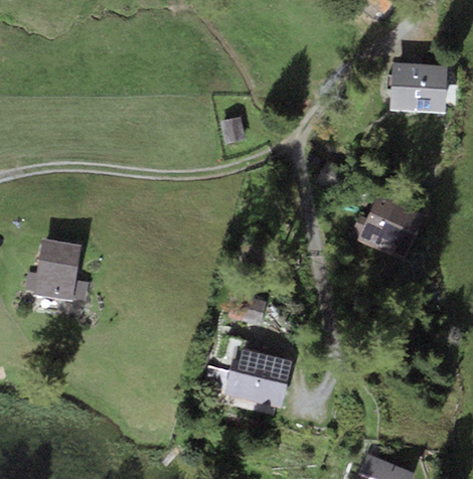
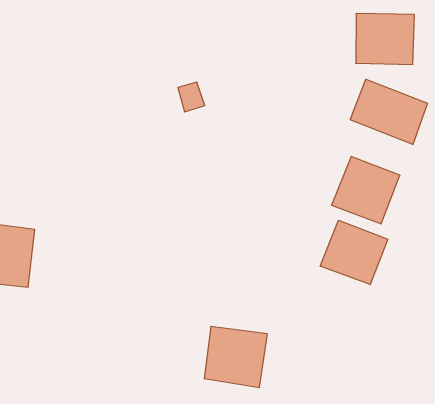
building: none -> [350,79,428,145]
building: none -> [320,220,388,285]

